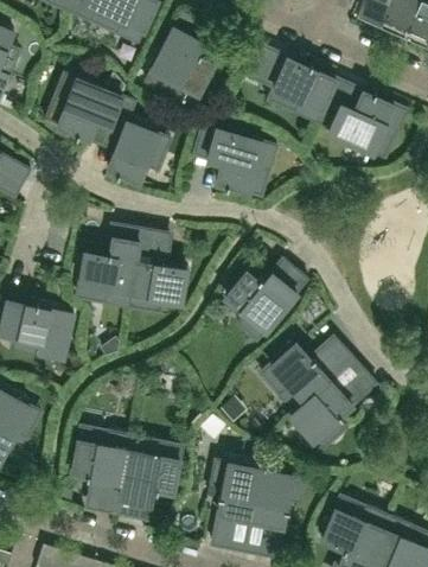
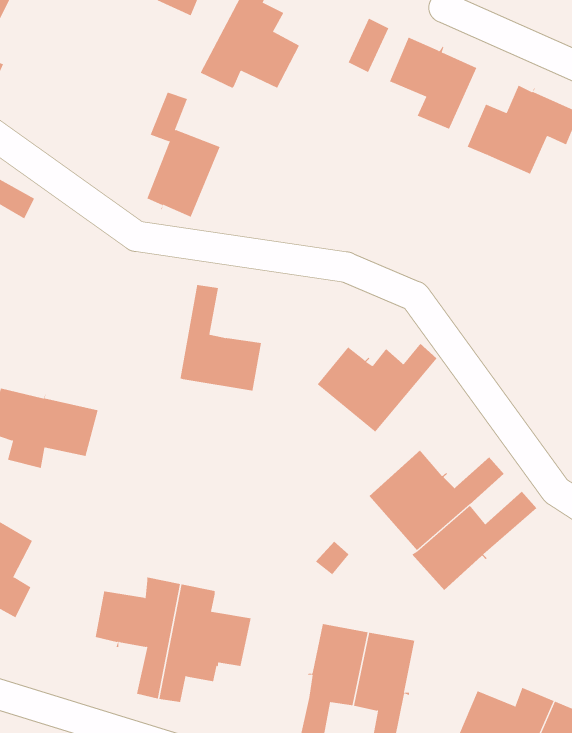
building: [45,79,122,140] -> none
building: [207,129,277,193] -> none
building: [79,227,142,310] -> none

